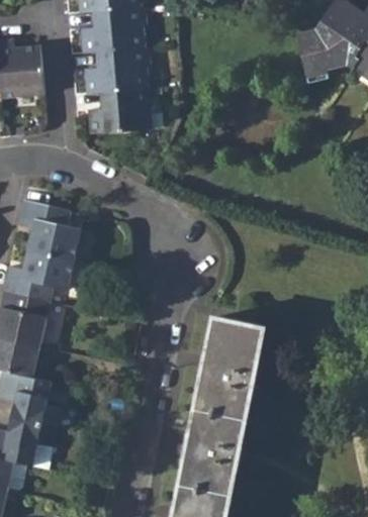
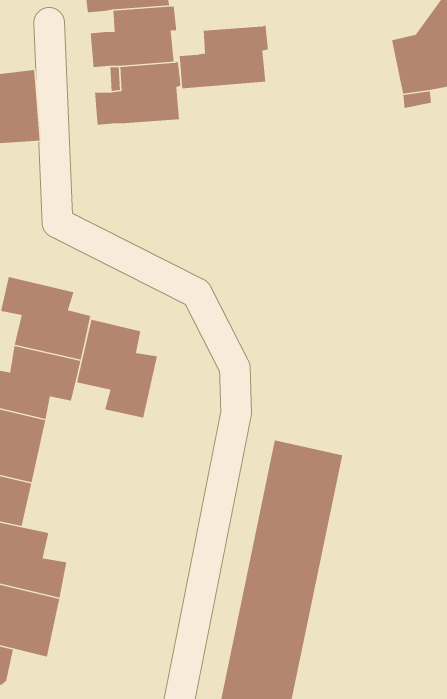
building: [86,87,151,133] -> [179,25,269,89]
building: none -> [76,319,158,419]

